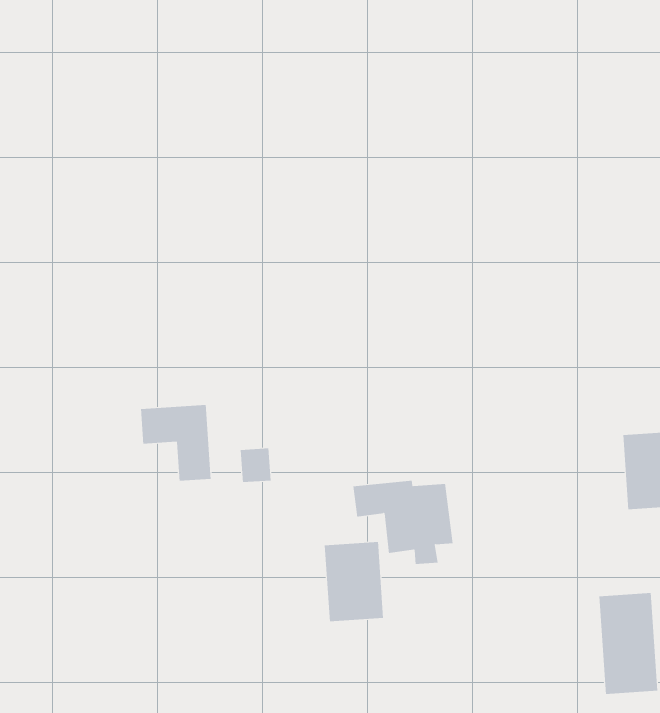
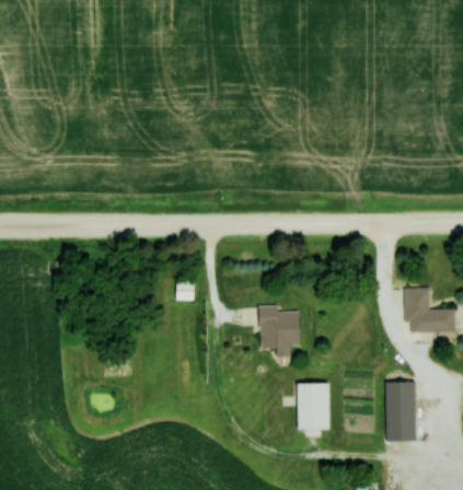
building: [140,404,211,482] -> none
building: [324,541,384,622] -> [297,383,329,429]

